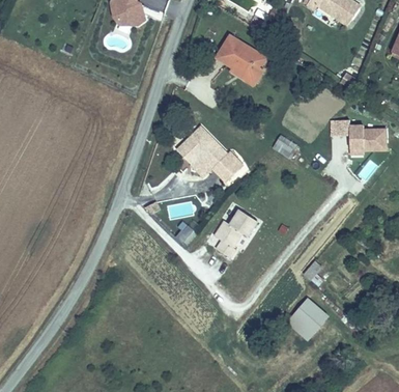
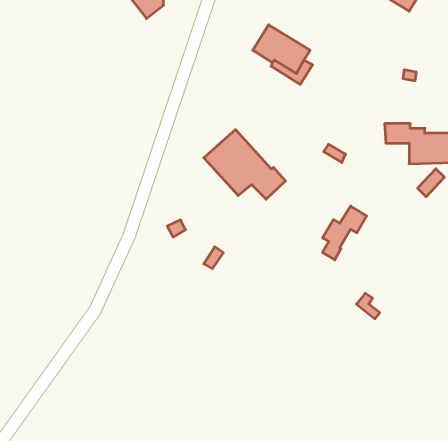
building: [218,212,255,257] -> [323,206,367,260]
building: [284,297,330,342] -> none

